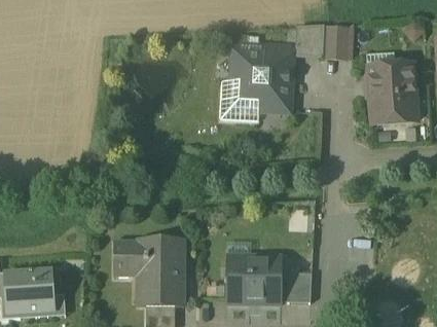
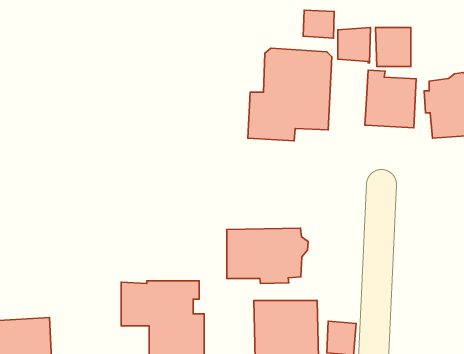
building: none -> [303,10,334,38]
building: none -> [365,70,416,128]
building: none -> [227,228,308,284]

